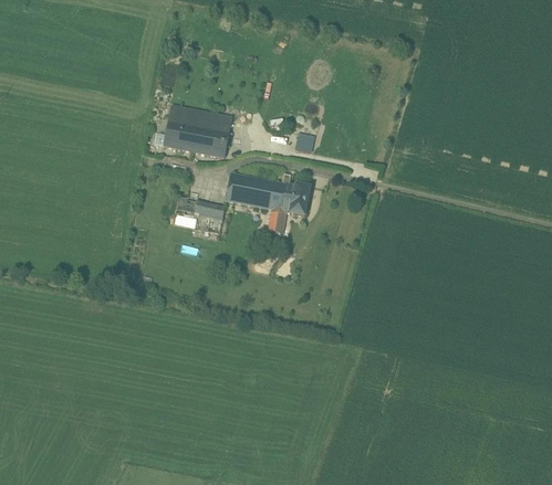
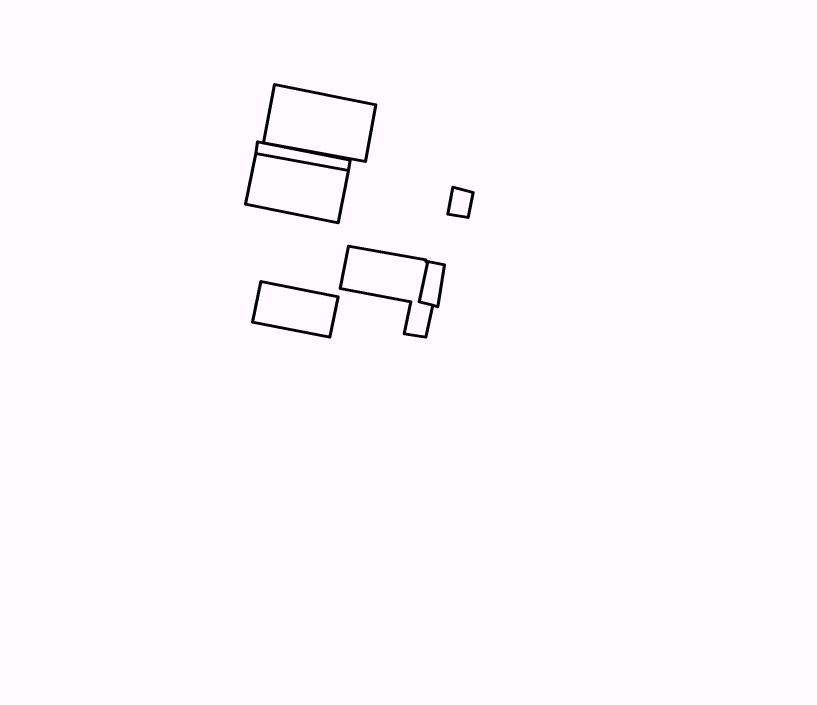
building: none -> [263,85,376,162]
building: [289,183,311,215] -> none

